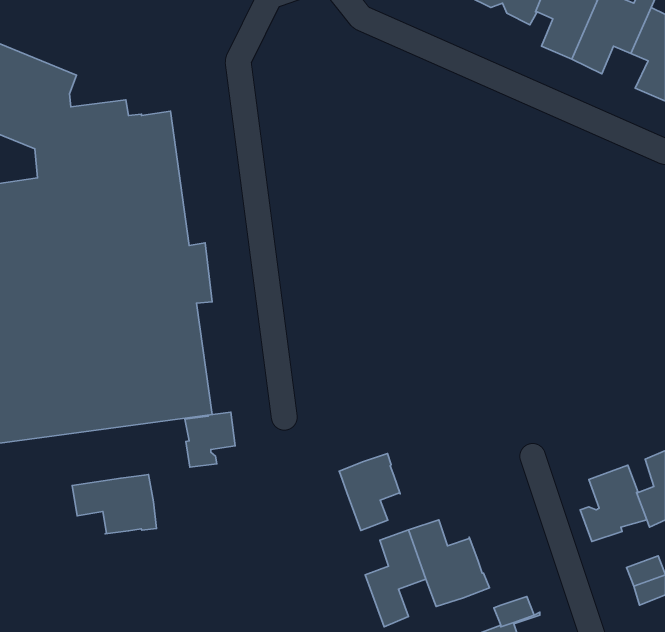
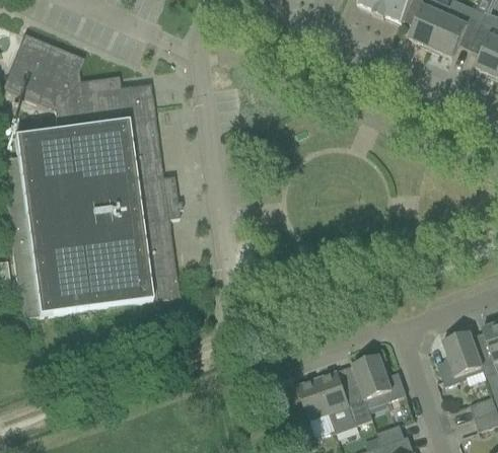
building: [185,412,235,467] -> none
building: [339,453,400,530] -> none
building: [72,474,156,534] -> none
building: none -> [353,356,407,403]

